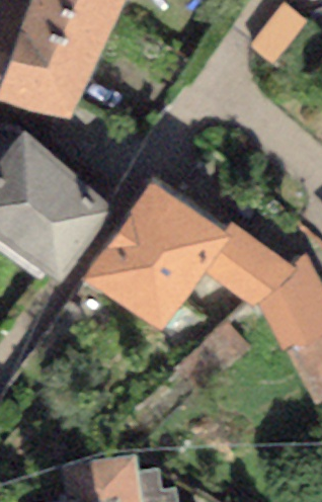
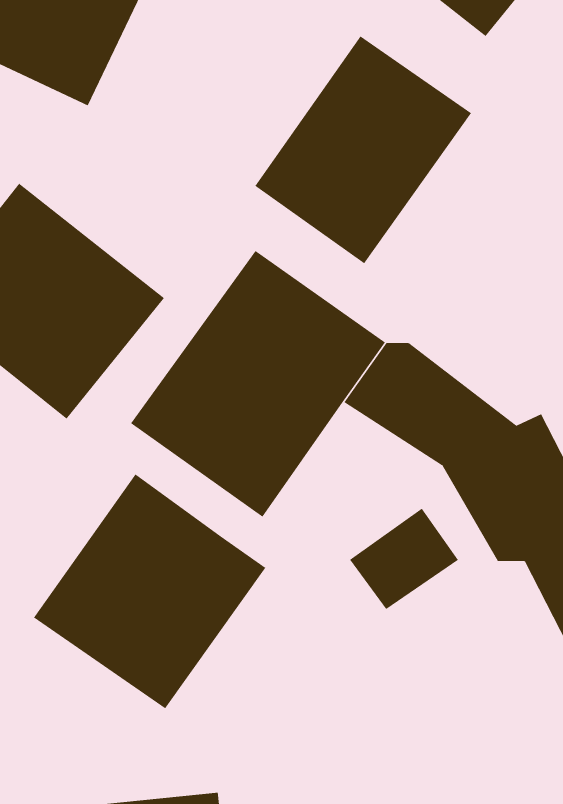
building: none -> [254,36,472,264]
building: none -> [33,474,266,709]

